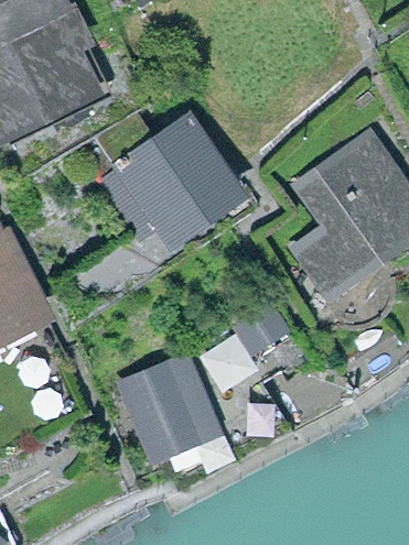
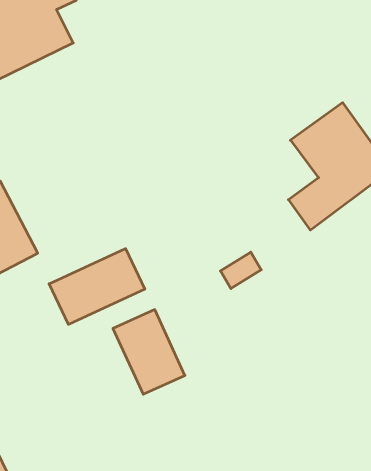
building: [105,126,229,241] -> none
building: none -> [49,249,145,324]

